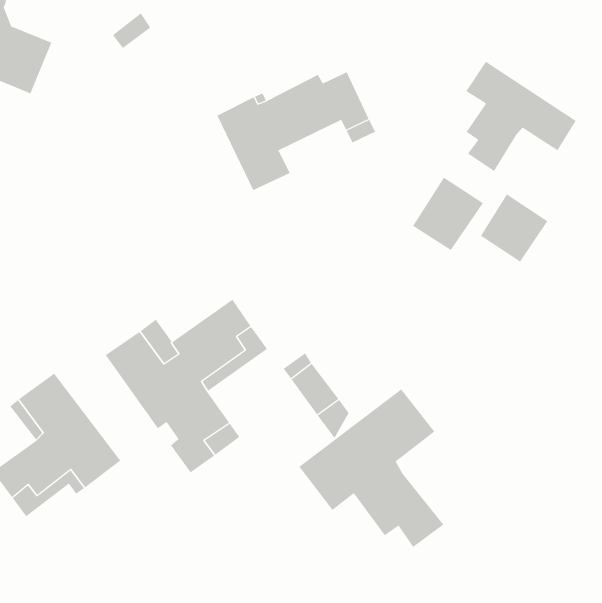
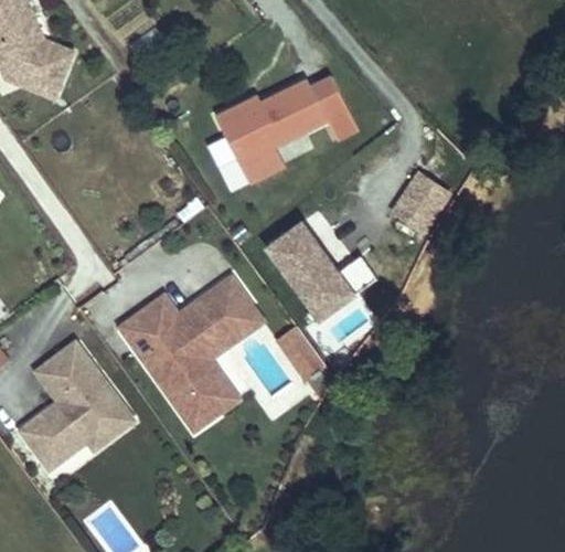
building: [466,61,576,172] -> none
building: [480,194,548,263] -> none
building: none -> [267,222,377,320]
building: [299,389,444,548] -> none

